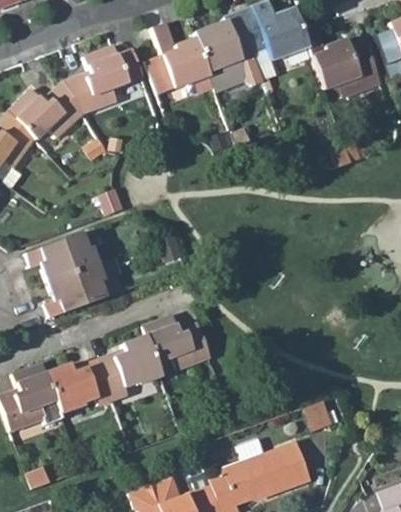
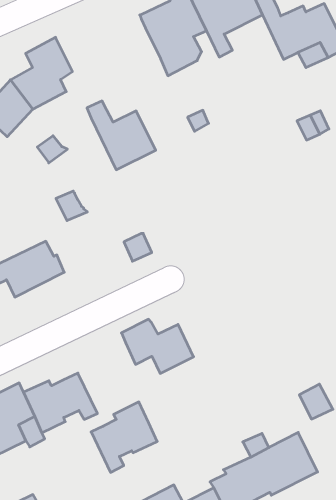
building: [150,23,210,89] -> [87,101,156,170]
building: [46,258,123,318] -> none
building: [99,338,160,401] -> [91,402,157,472]

